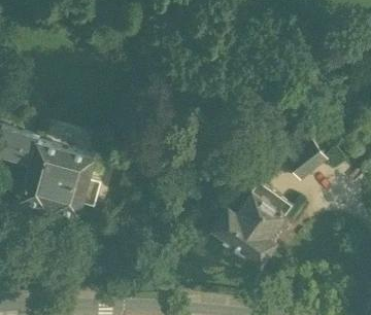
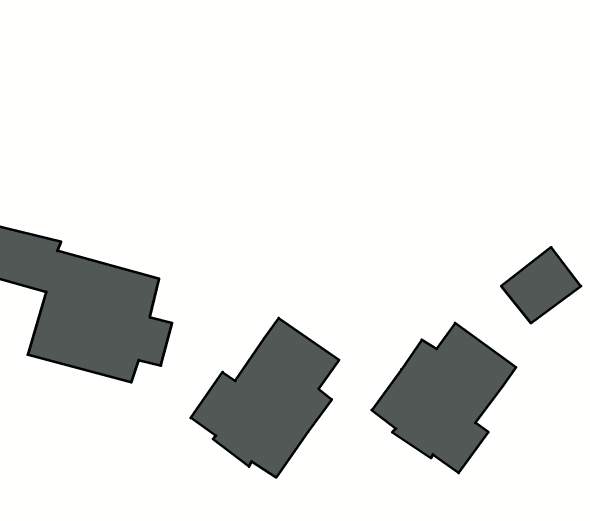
building: none -> [191,318,339,477]

